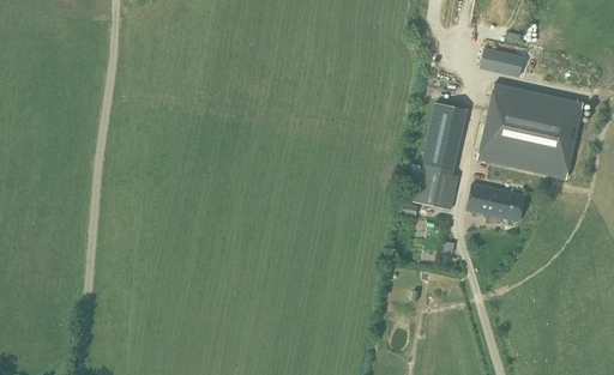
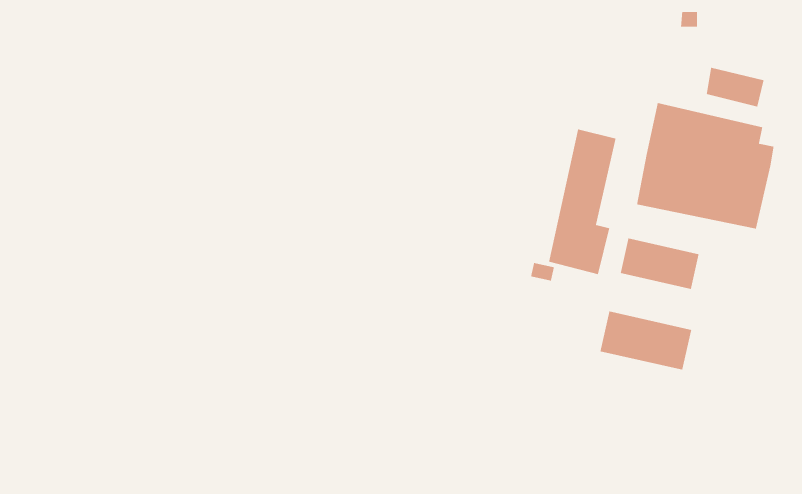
building: [481,47,524,77] -> [706,67,764,108]
building: none -> [600,310,692,371]

